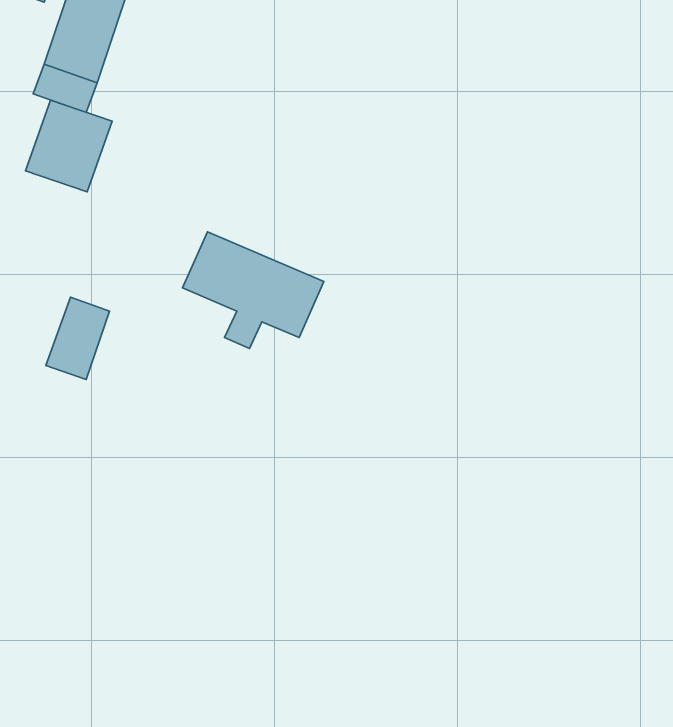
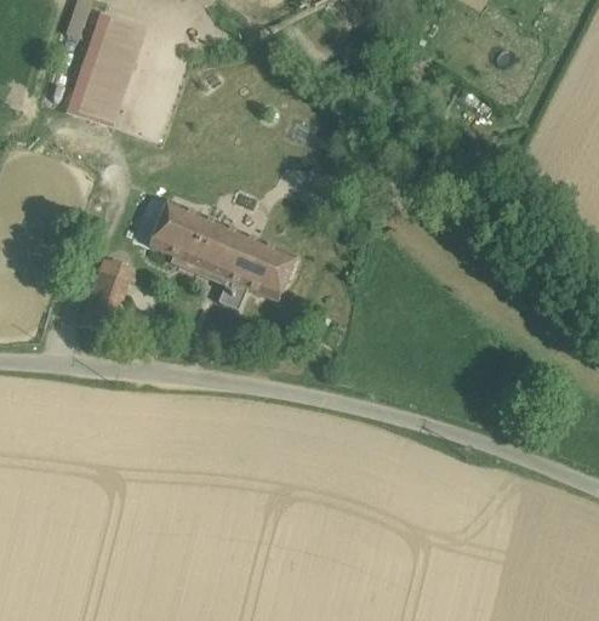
building: [25,100,112,192] -> none
building: none -> [149,200,205,260]

